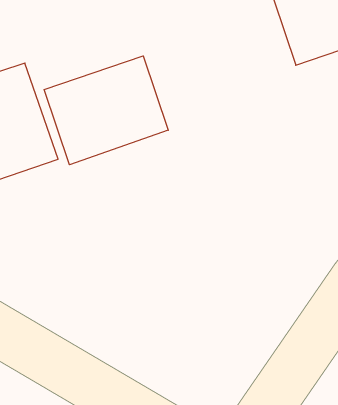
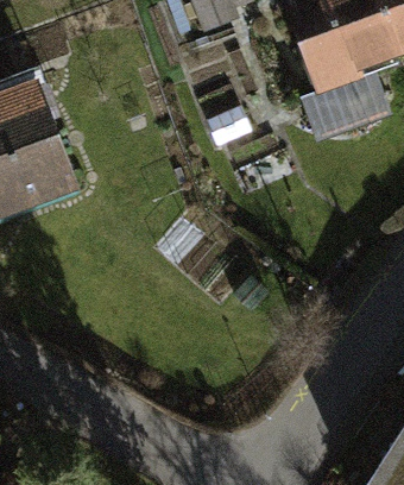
building: [44,56,168,165] -> none

